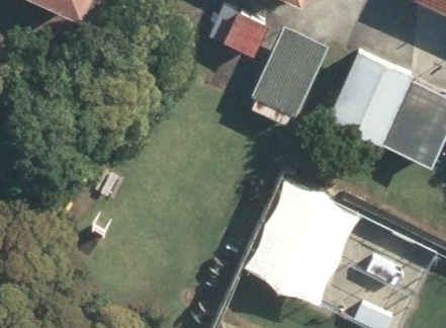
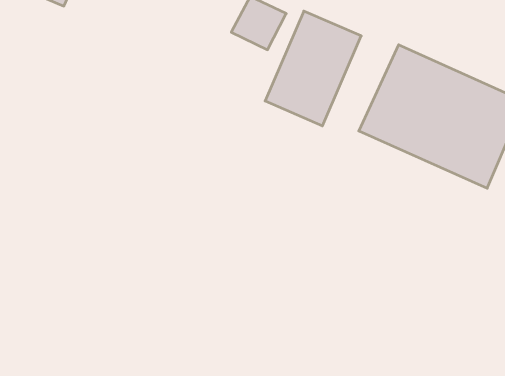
building: [245,182,354,304] -> none

